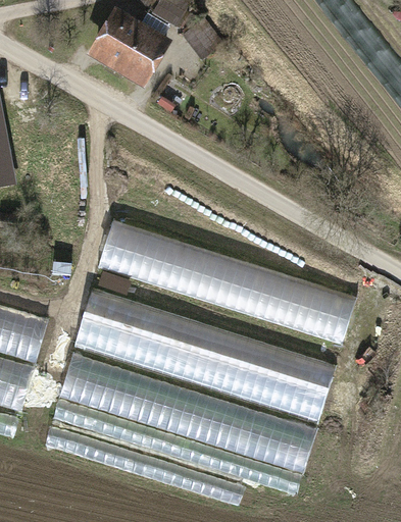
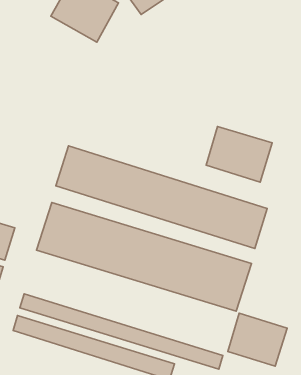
building: none -> [206,126,272,182]
building: [59,355,315,472] -> none
building: none -> [228,313,287,366]

